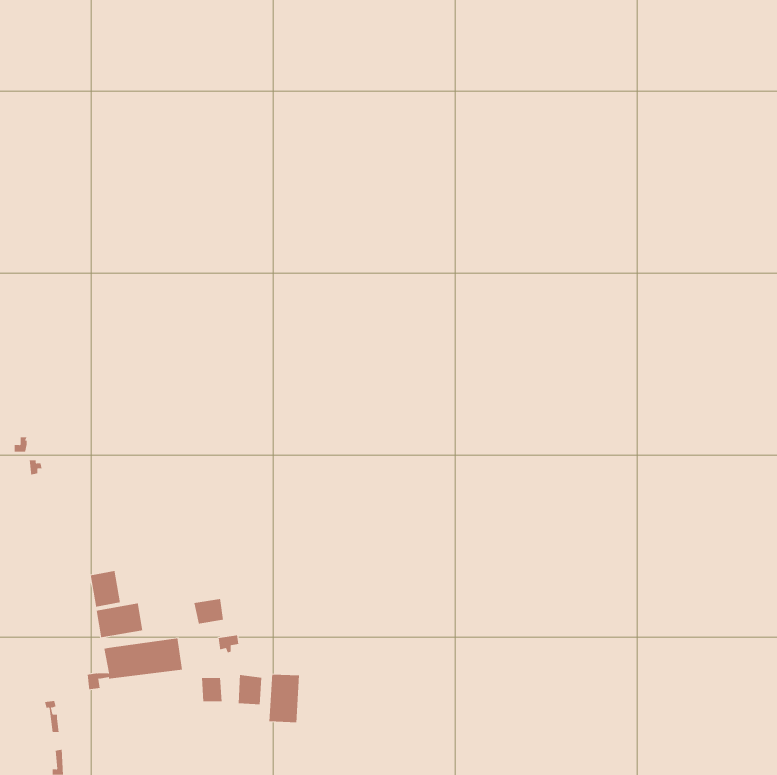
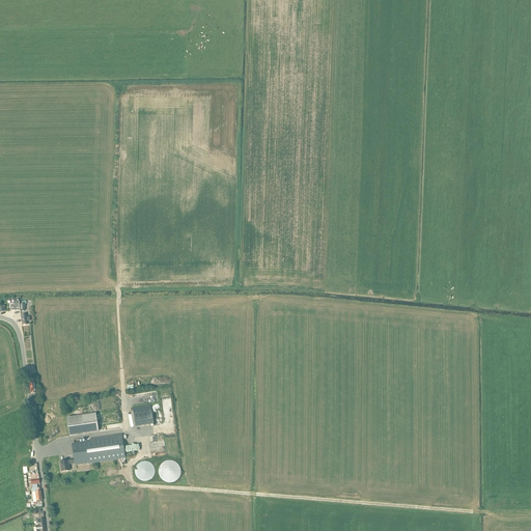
building: [90,570,121,608] -> none
building: [269,674,299,723] -> none

